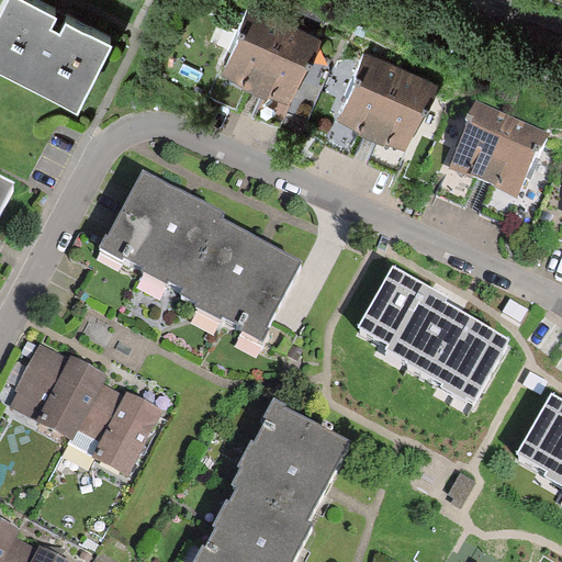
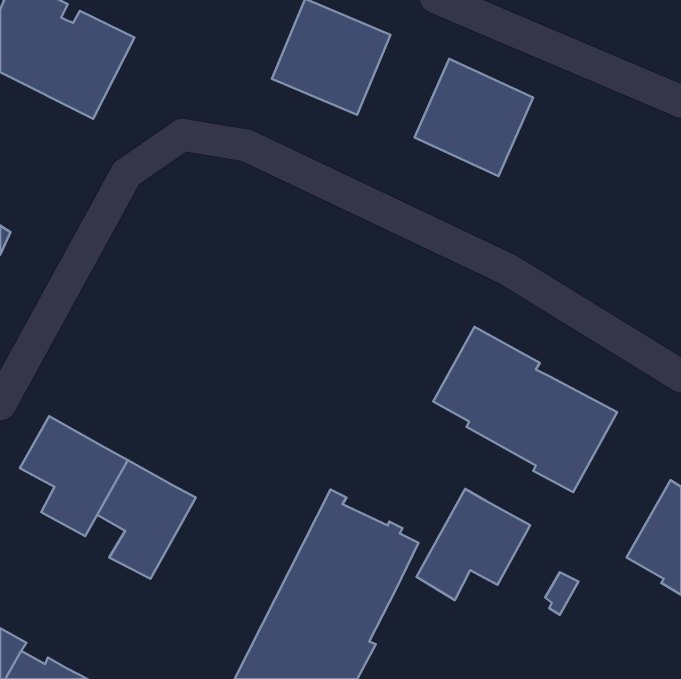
building: [449,103,547,199] -> none
building: [95,175,297,340] -> none
building: none -> [416,489,530,600]

